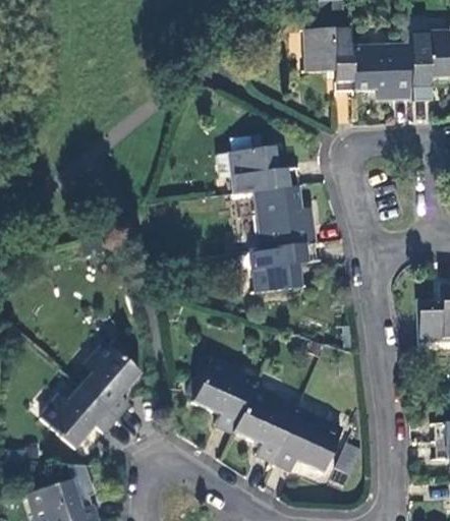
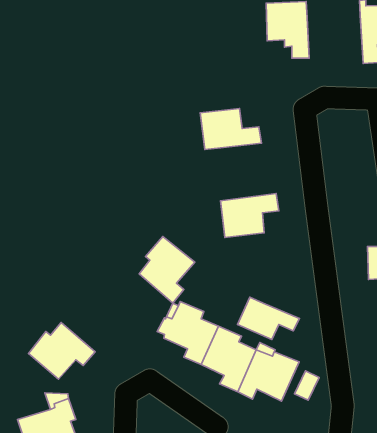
building: [351,44,413,100] -> none
building: [255,186,317,249] -> none
building: [77,344,139,418] -> [139,236,195,303]
building: none -> [237,297,299,340]

